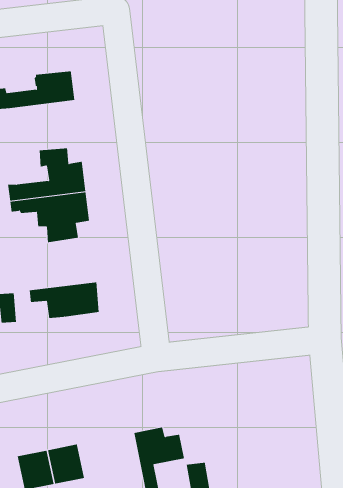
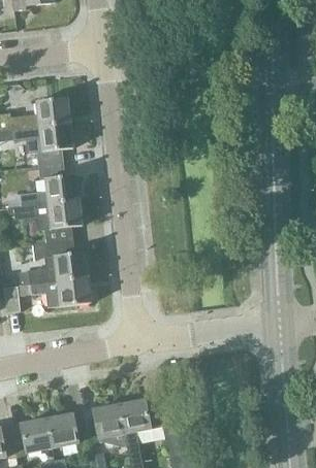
building: none -> [11,123,72,165]
building: none -> [29,239,88,283]
building: none -> [92,404,127,446]

